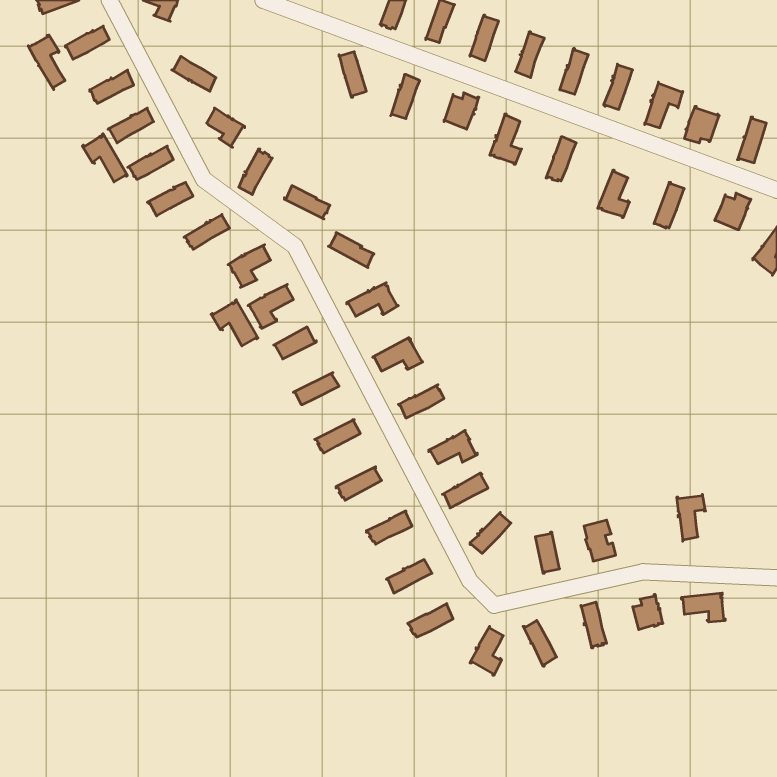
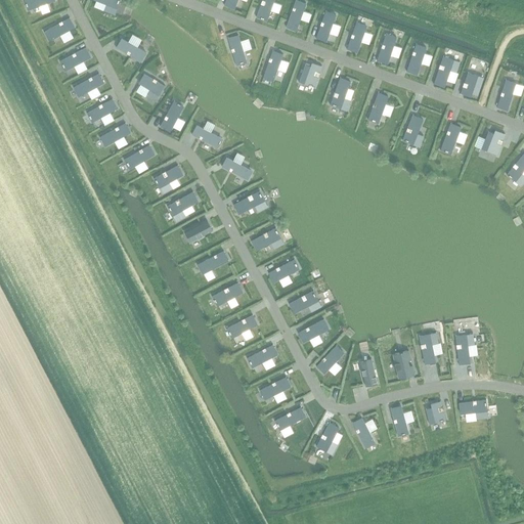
building: [28,35,65,90] -> none
building: [82,134,127,182] -> none
building: [211,300,258,346] -> none
building: none -> [419,332,439,364]

